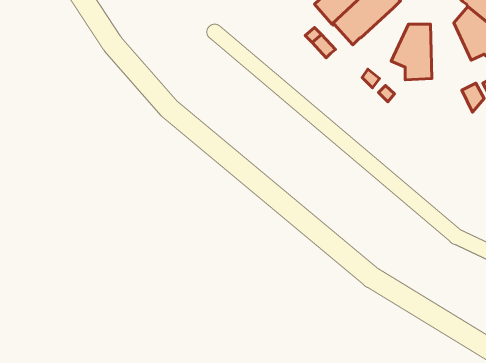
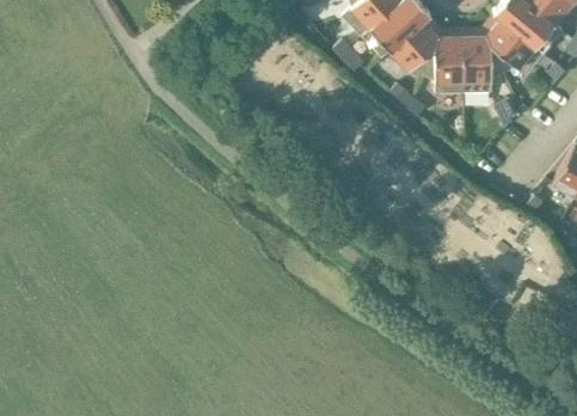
building: none -> [393,17,442,72]
building: none -> [465,32,507,90]

